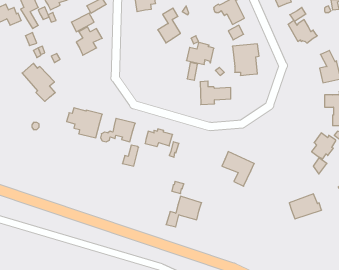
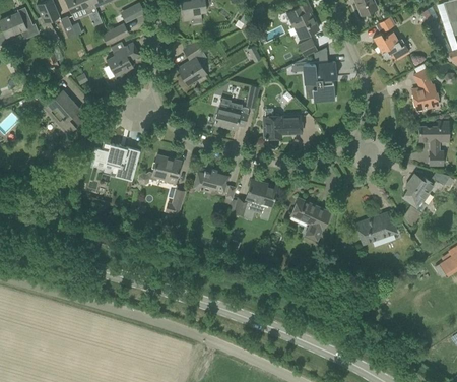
building: [158,8,180,43] -> [177,42,205,85]
building: [186,43,214,64] -> [213,102,248,129]
building: [289,194,322,219] -> [355,212,396,244]
building: [166,196,202,227] -> [233,179,277,217]

